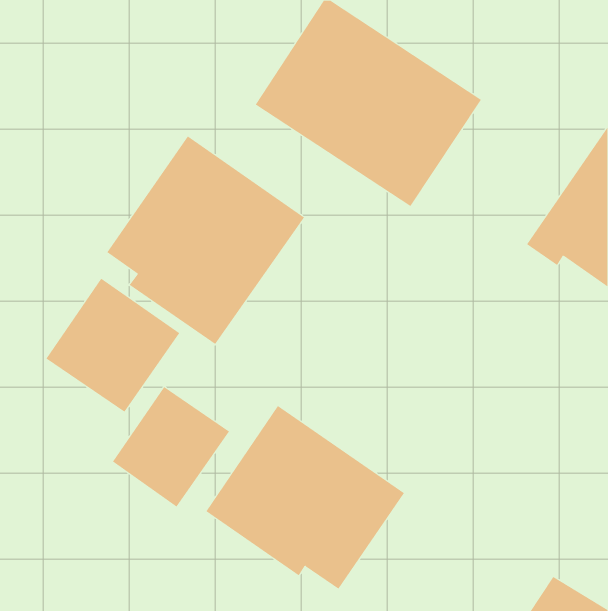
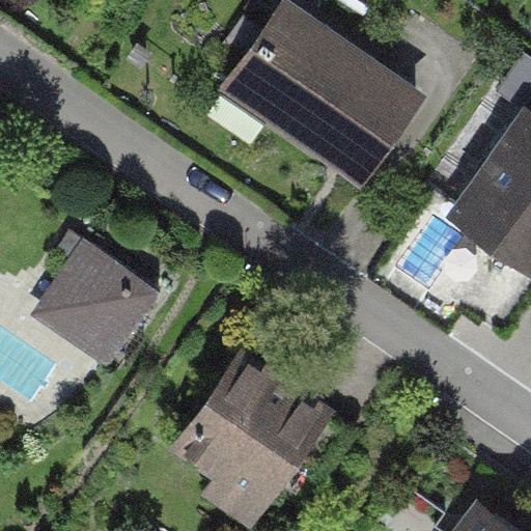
building: [106,136,305,345] -> none
building: [112,386,230,507] -> none

